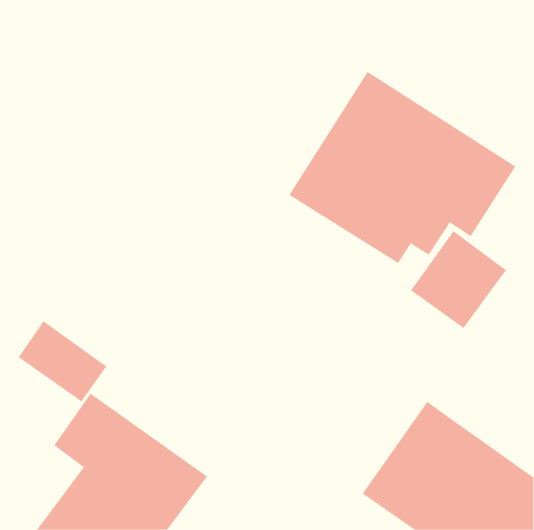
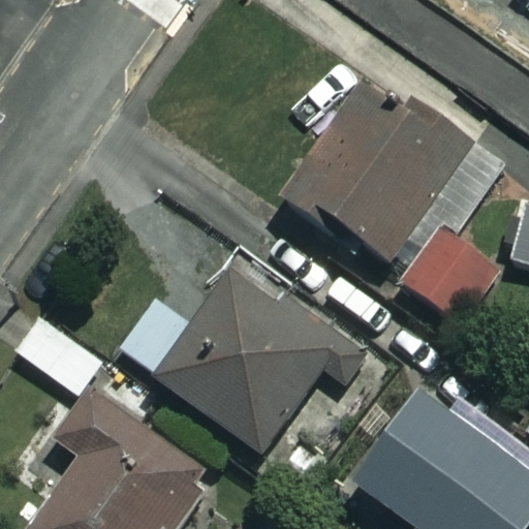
building: none -> [116,261,345,454]

